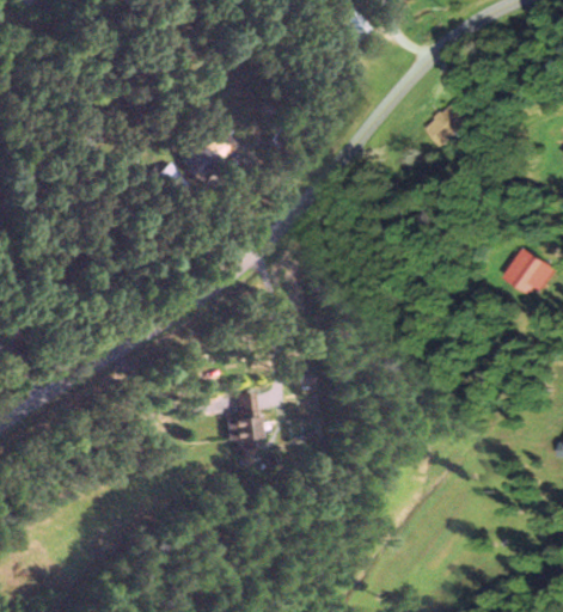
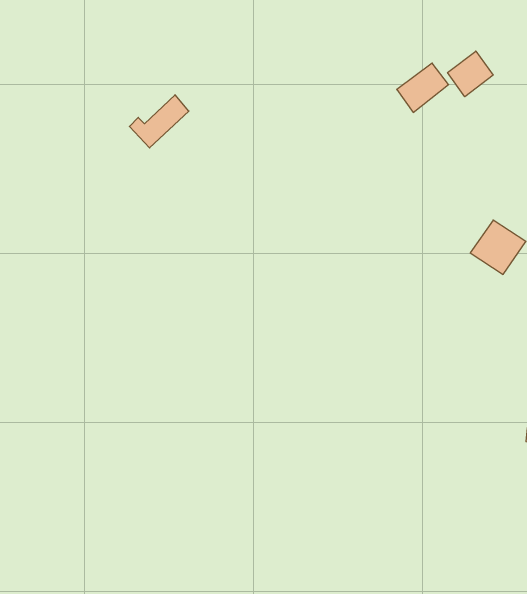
building: none -> [448,51,493,97]
building: [227,393,261,449] -> none

